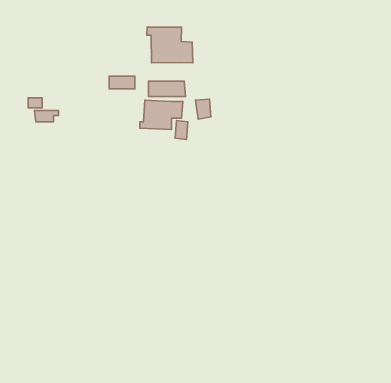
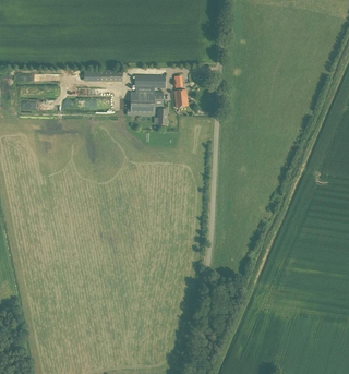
building: [147,27,193,63] -> none

